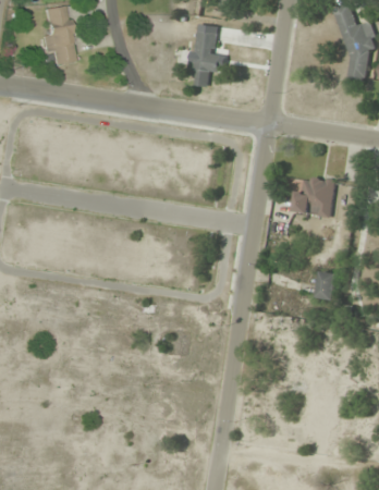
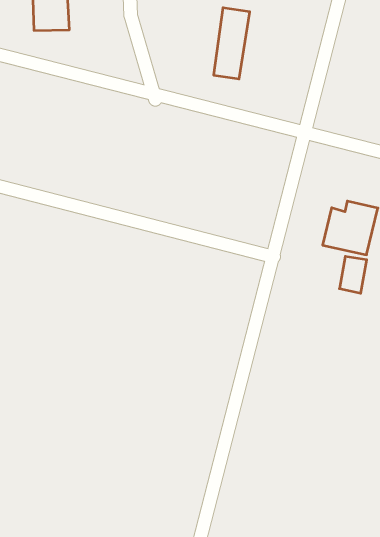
building: [318,271,338,299] -> [339,256,367,293]

